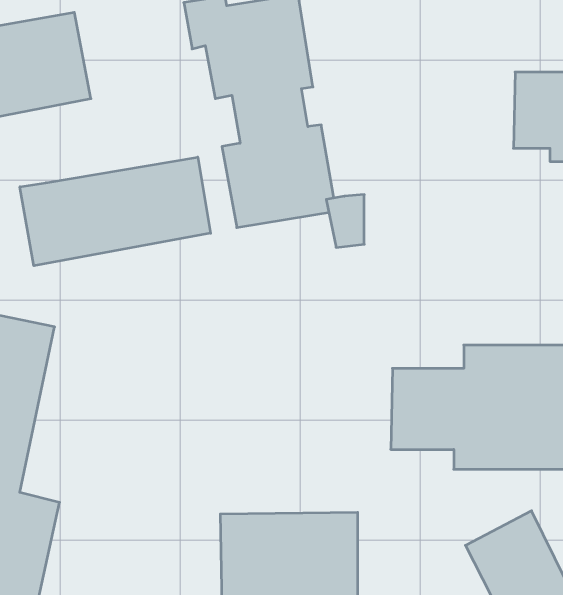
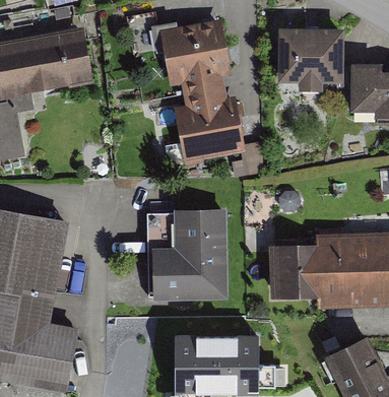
building: none -> [278,29,344,92]
building: [20,157,211,266] -> none
building: none -> [153,213,233,303]

